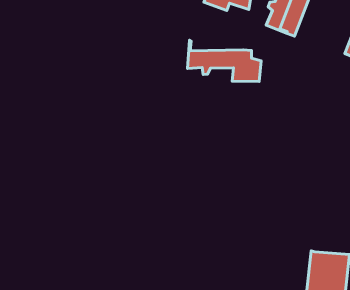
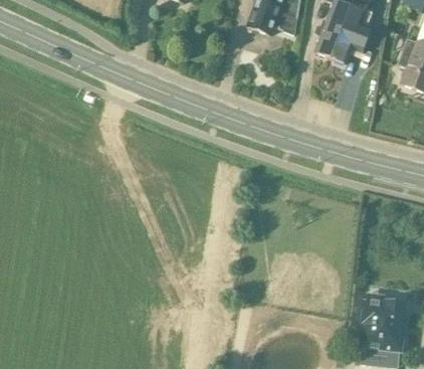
building: [188,40,261,82] -> none

